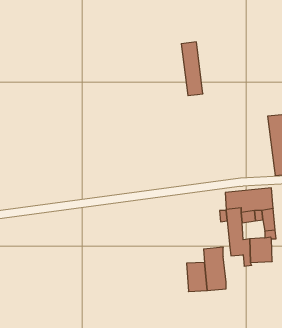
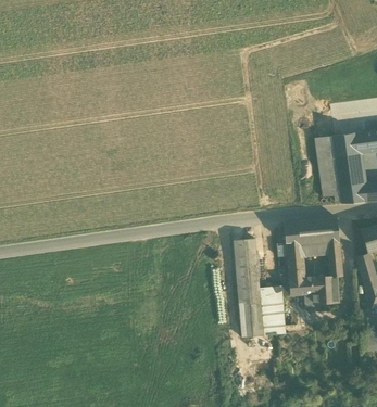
building: [181,42,203,96] -> [316,136,341,198]
building: none -> [234,239,261,305]

